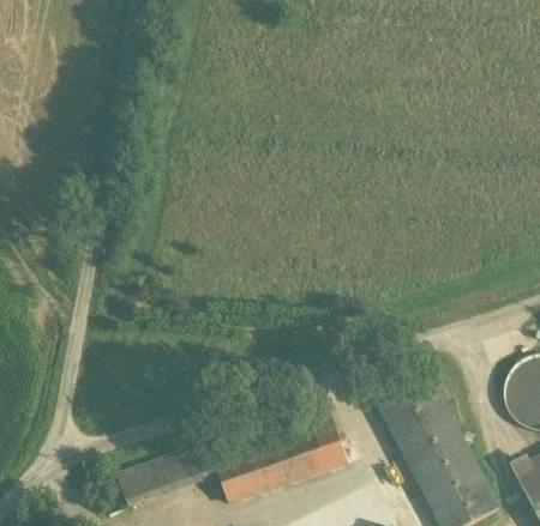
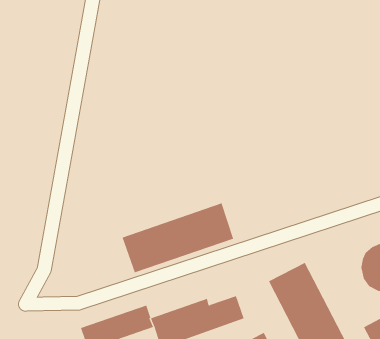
building: none -> [122,202,234,273]

